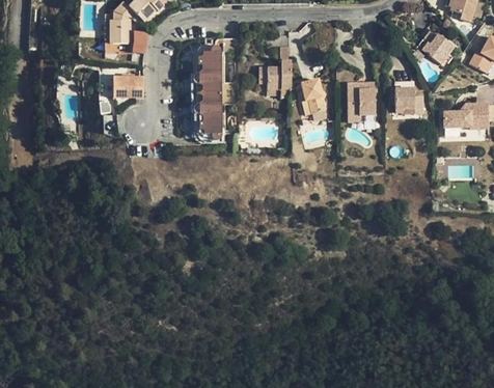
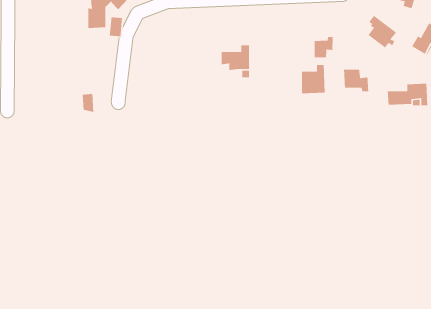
building: [193,46,222,139] -> none
building: none -> [314,36,333,58]
building: [113,76,144,98] -> none
building: [301,79,326,113] -> none

